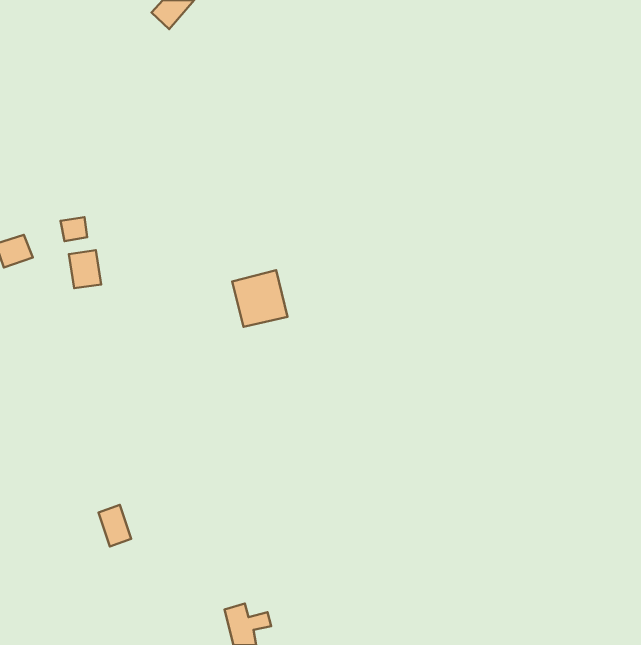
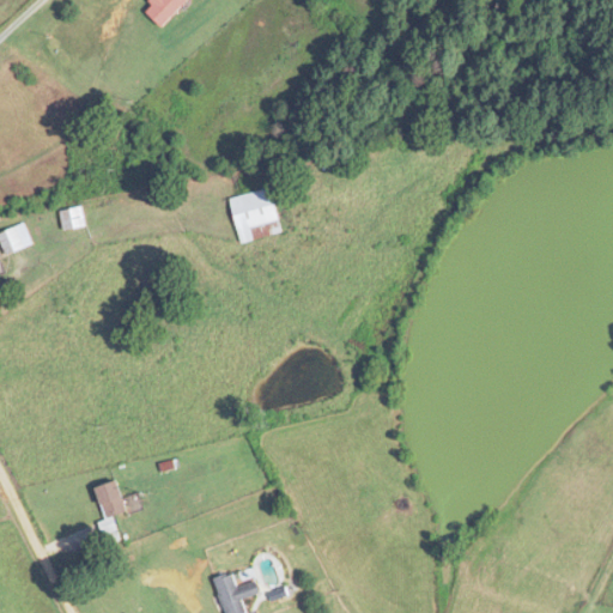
building: [69,250,101,288] -> none
building: [232,270,288,327] -> [227,187,280,241]

